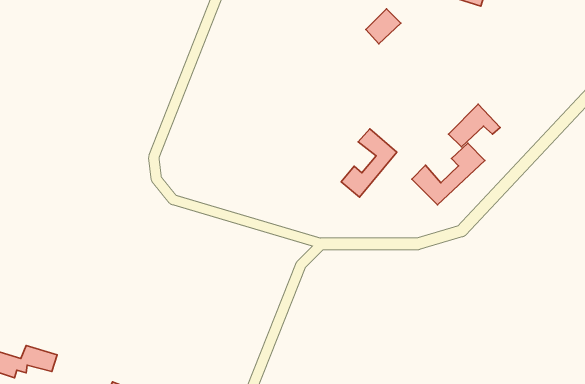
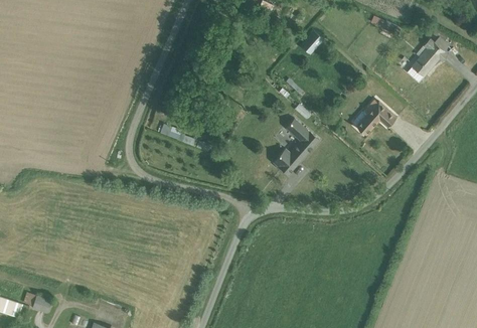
building: none -> [408,37,447,83]
building: [412,143,485,205] -> none

